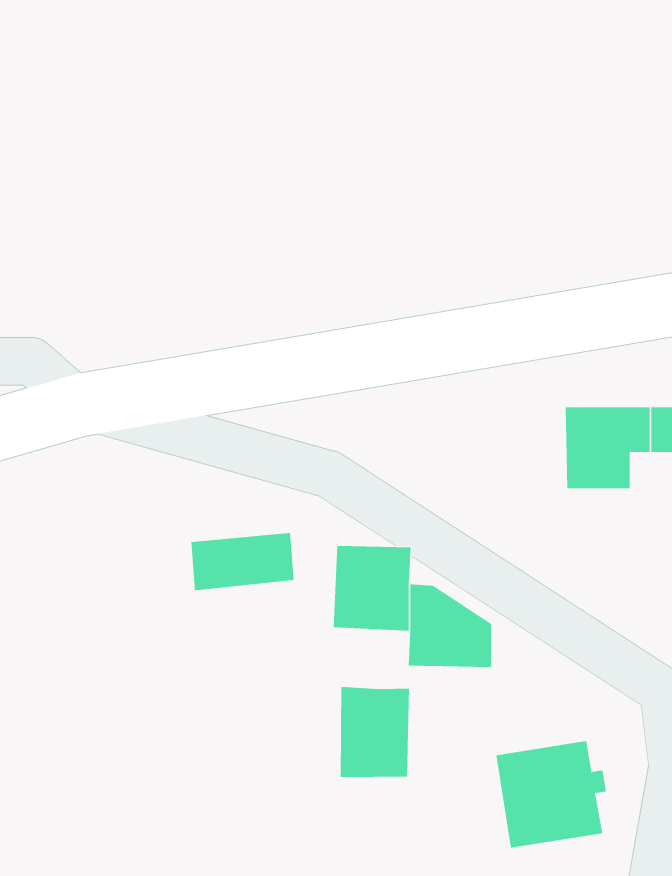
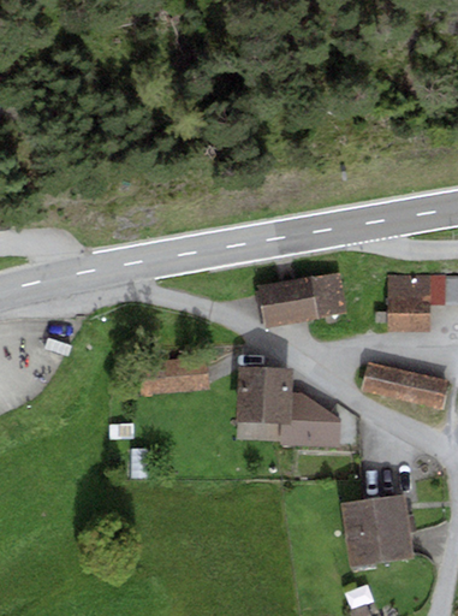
building: none -> [257,273,345,326]
building: none -> [364,362,448,407]
building: [340,686,410,778] -> none

